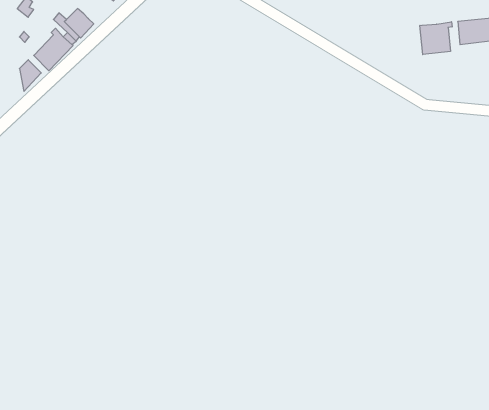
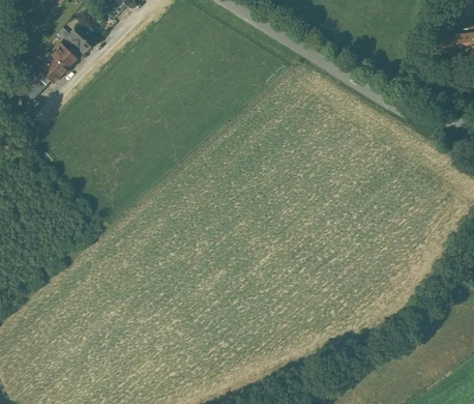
building: [420,22,452,55] -> none

